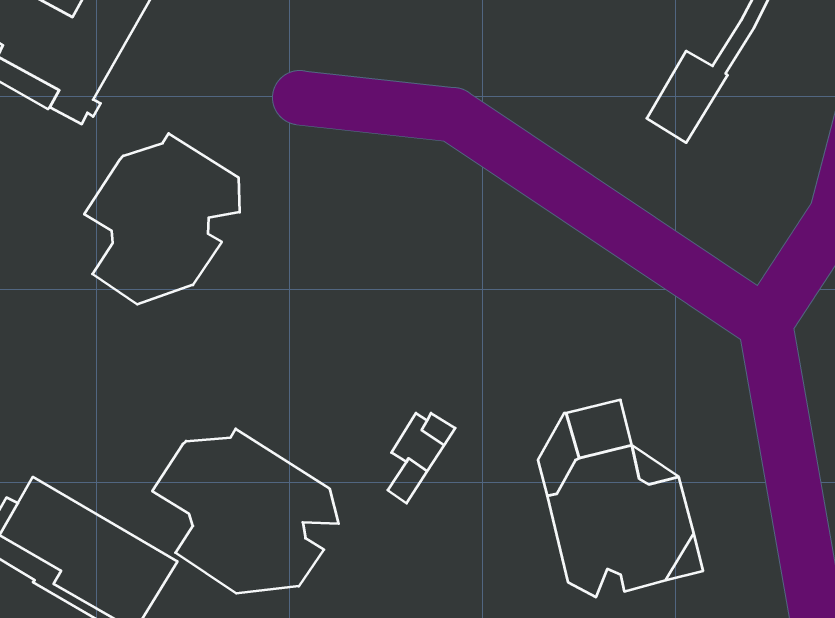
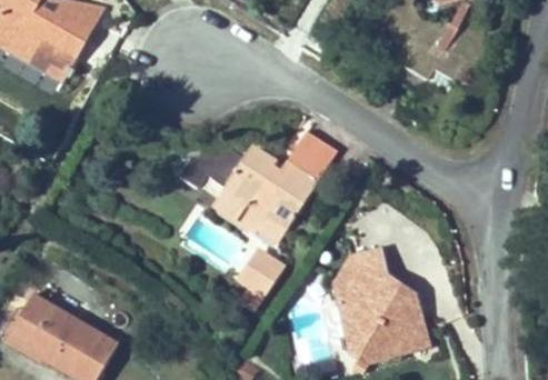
building: [84,133,240,304] -> none
building: none -> [176,130,337,239]
building: [152,429,339,593] -> none

